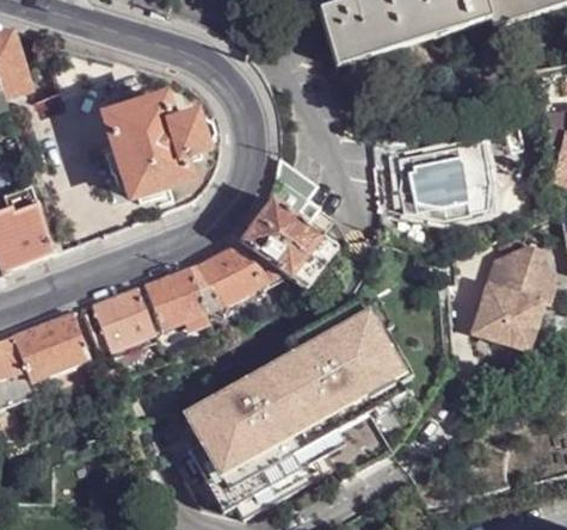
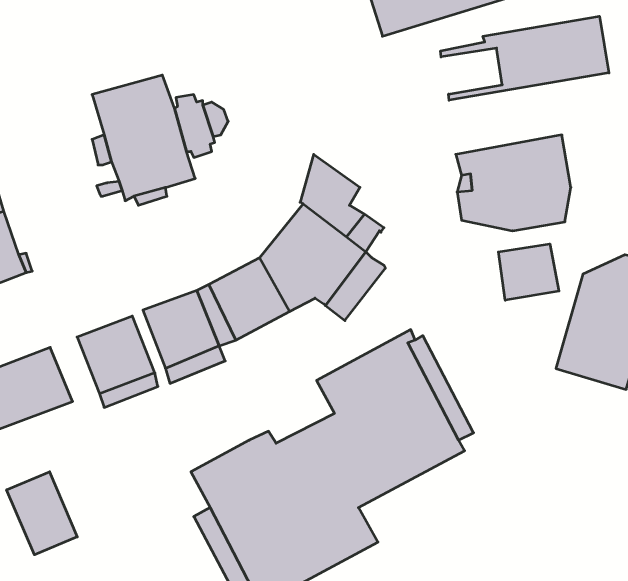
building: none -> [441,16,609,100]
building: none -> [498,244,559,300]
building: none -> [7,472,77,555]

